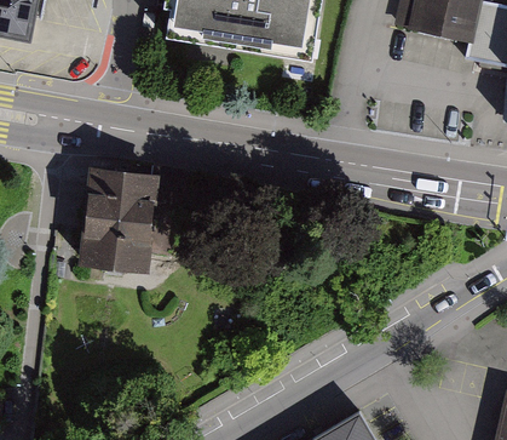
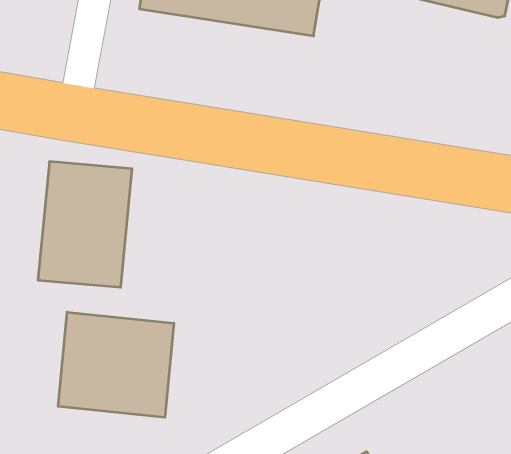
building: none -> [58,312,174,417]

